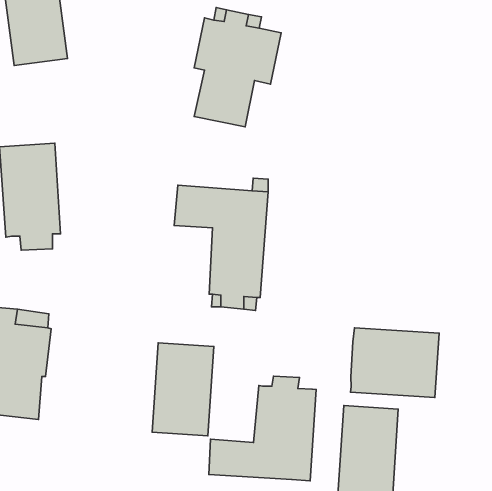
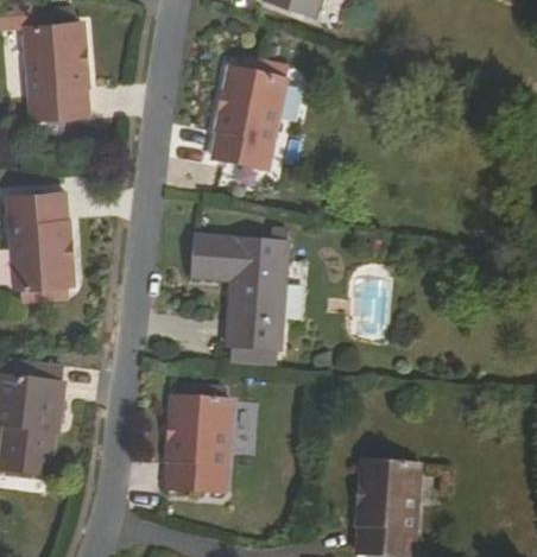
building: [350,328,439,397] -> none
building: [209,376,316,481] -> none

